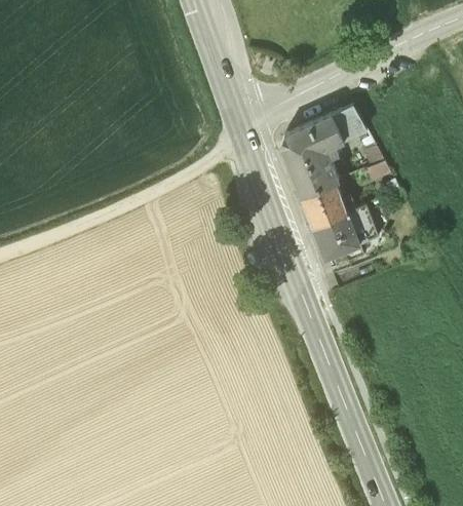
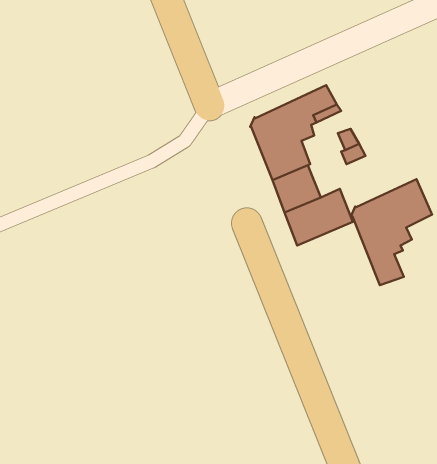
building: none -> [351,179,432,285]

